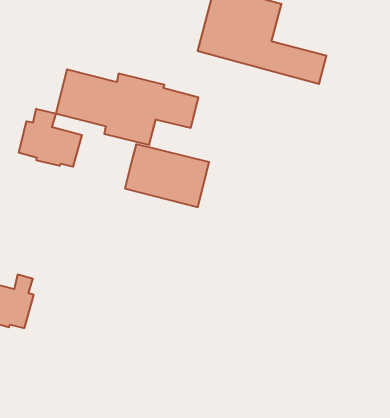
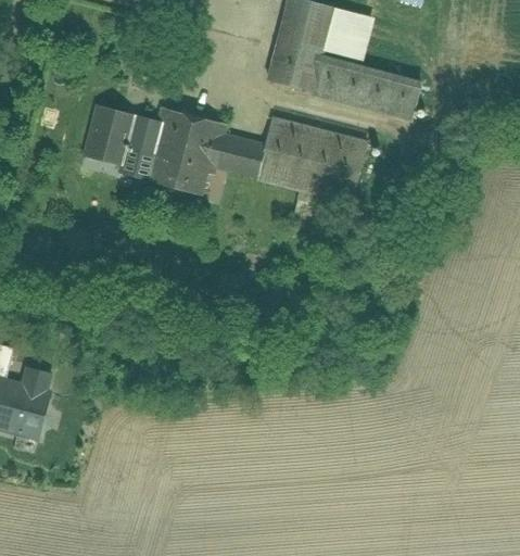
building: [19,109,82,167] -> none
building: [125,144,209,207] -> [255,121,363,201]

